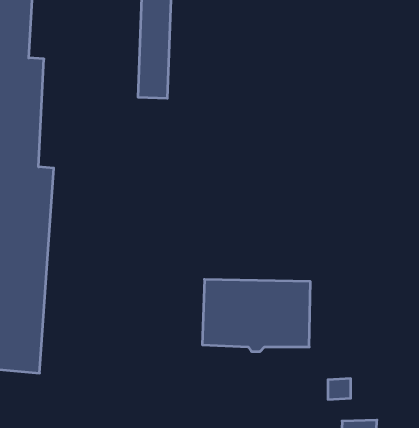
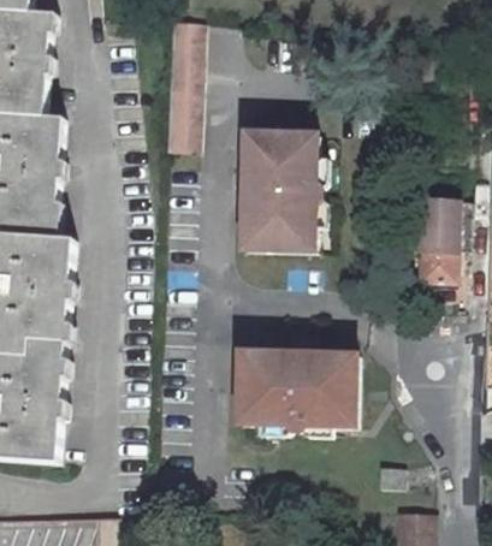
building: none -> [242,132,321,254]
building: none -> [414,194,468,280]

